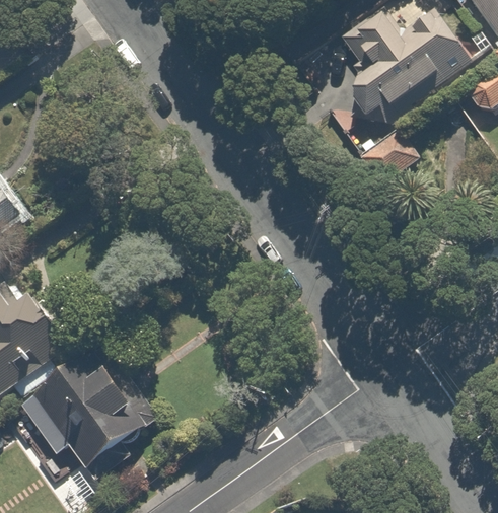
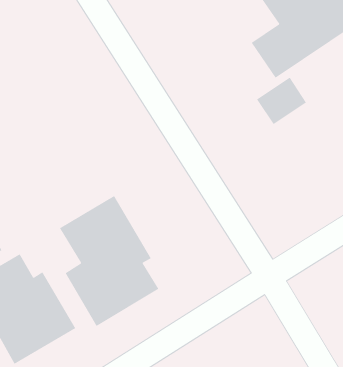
building: none -> [59,195,159,327]

